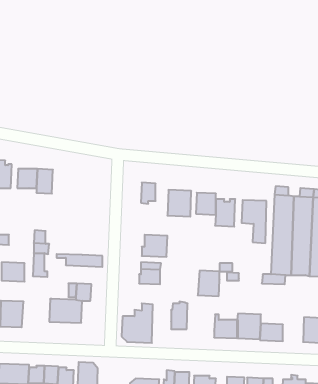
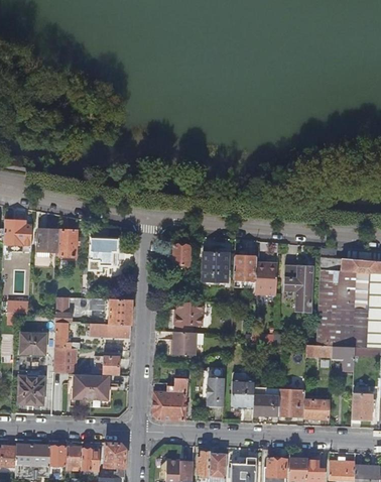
building: none -> [90,238,118,270]
building: none -> [88,298,132,326]
building: [198,271,220,296] -> [231,380,255,408]
building: none -> [332,347,355,371]
building: none -> [53,348,77,373]

